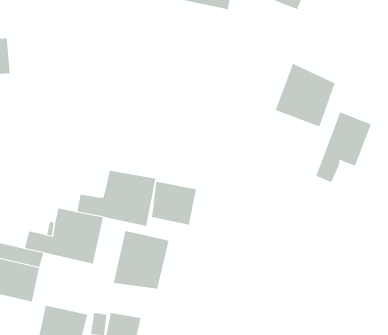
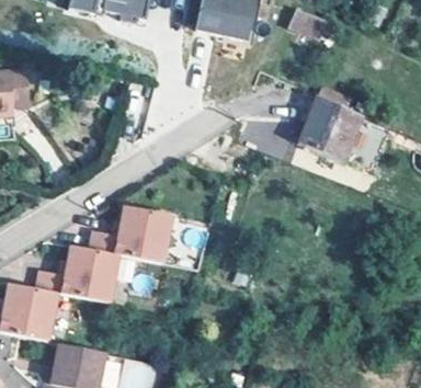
building: [316,112,371,183] -> none
building: [152,181,197,225] -> none
building: [113,230,169,289] -> none

